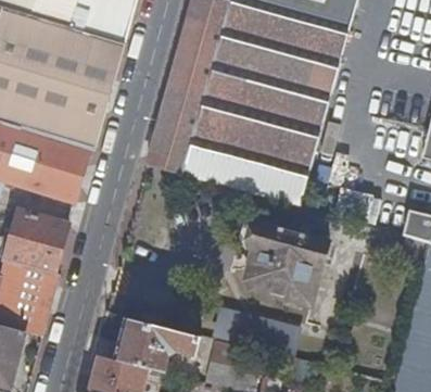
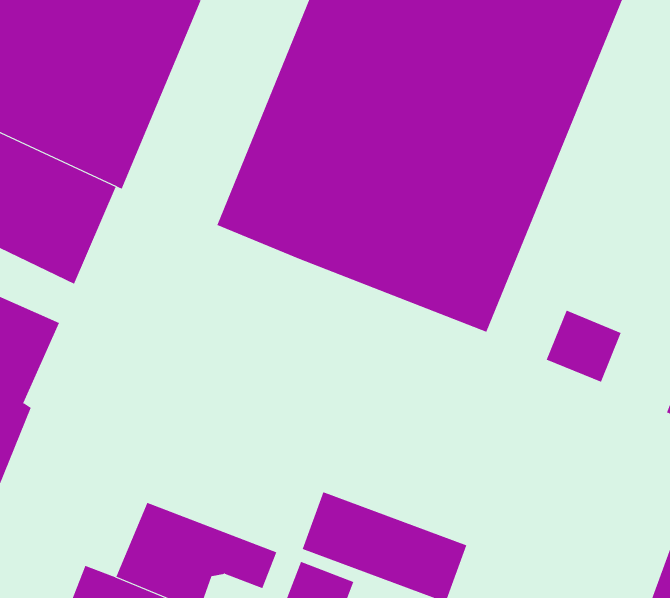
building: [245,219,330,306] -> none

